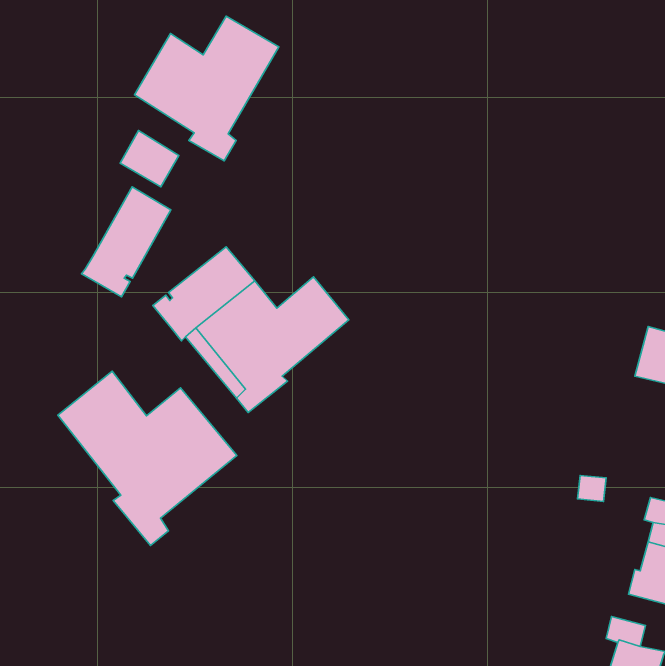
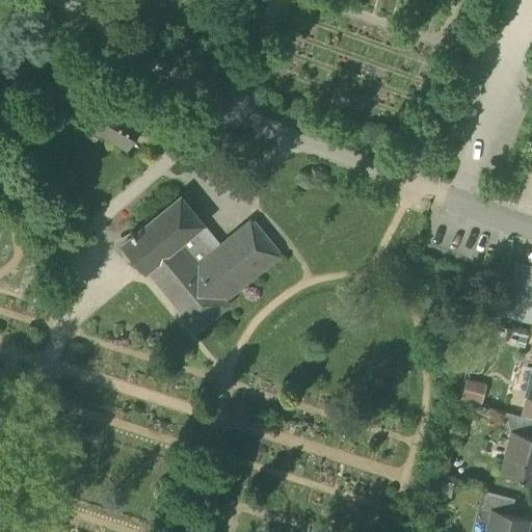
building: [134,16,279,161] -> none
building: [82,187,171,297] -> none
building: [58,371,237,546] -> none

